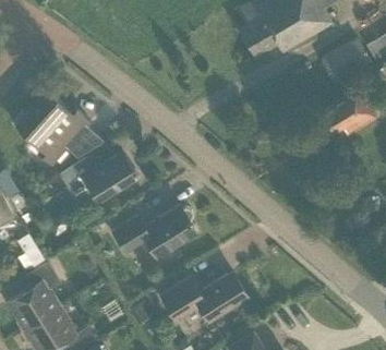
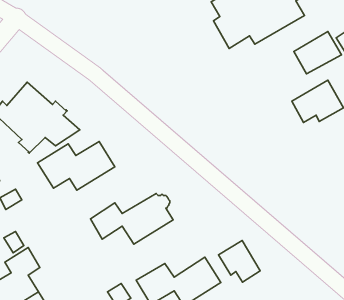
building: none -> [218,240,260,282]

